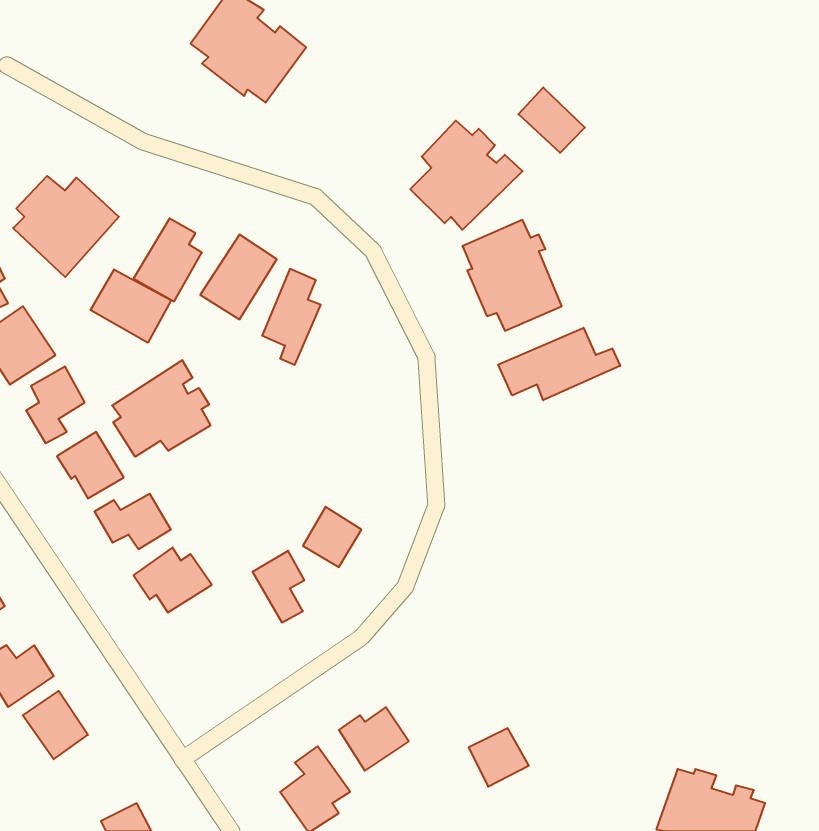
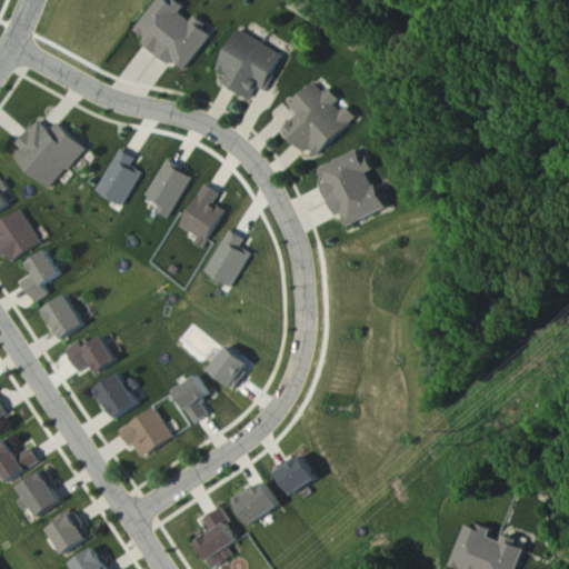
building: none -> [214,29,281,98]
building: [518,87,585,153] -> none
building: [91,269,171,343] -> none
building: [498,328,620,400] -> none
building: none -> [202,230,247,287]
building: [112,360,210,457] -> none
building: none -> [118,408,172,458]
building: [469,728,529,787] -> [274,456,316,496]
building: none -> [46,515,86,555]

